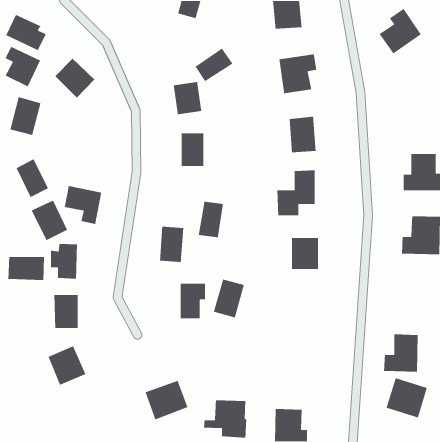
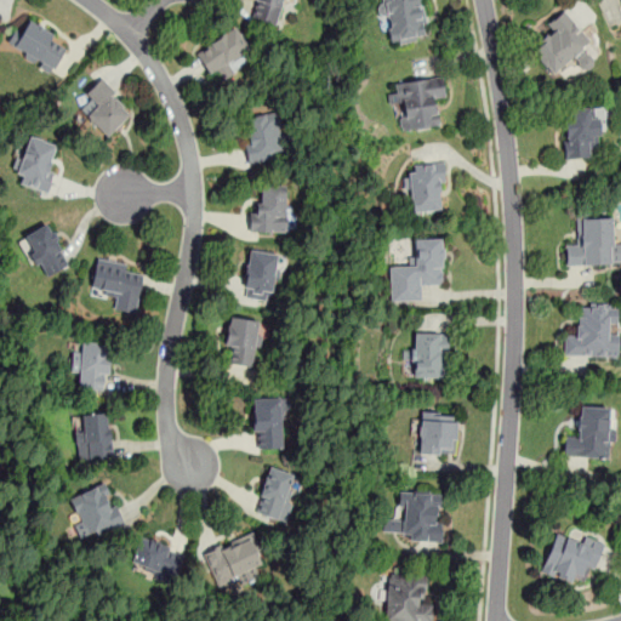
building: [4,46,41,87] -> none
building: [195,47,233,82] -> [198,28,252,76]
building: none -> [564,107,603,160]
building: [31,200,68,241] -> none
building: [198,201,224,238] -> [244,250,280,302]
building: [7,256,45,281] -> none
building: [213,279,245,318] -> [256,466,301,522]
building: none -> [421,411,458,458]
building: [383,333,419,372] -> [565,405,615,460]
building: none -> [131,535,187,582]
building: [203,400,247,439] -> [383,490,445,545]

